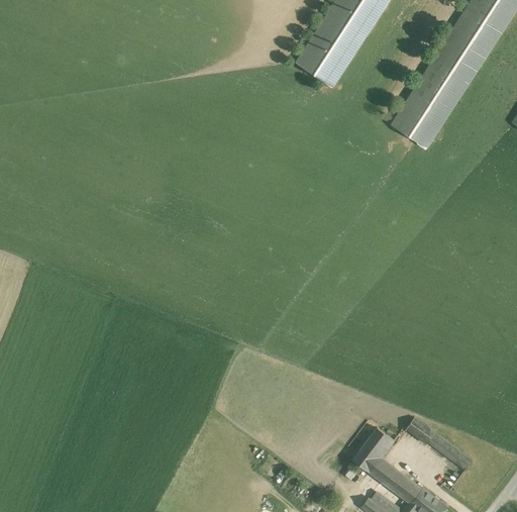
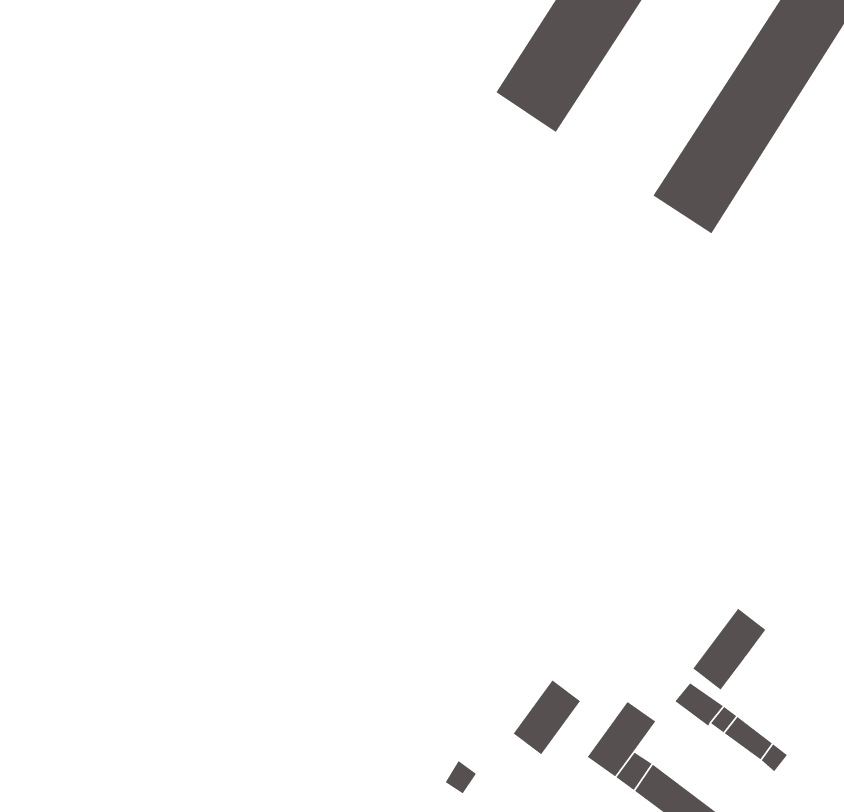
building: none -> [693,608,766,690]
building: none -> [513,679,581,755]

